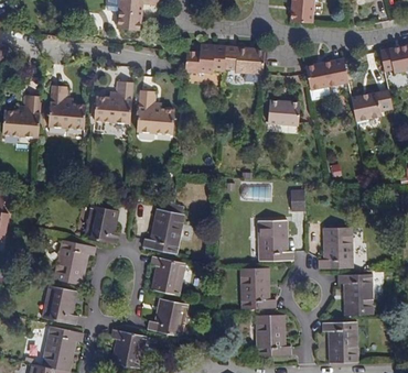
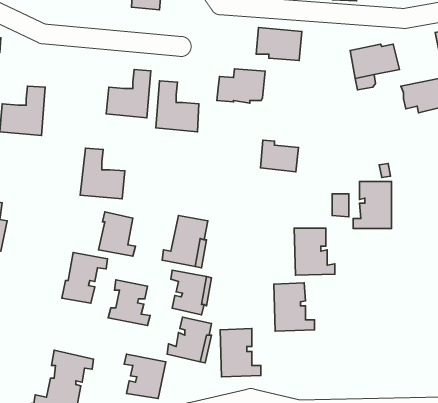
building: [184,43,226,73] -> [217,69,265,103]
building: [47,85,86,129] -> [80,148,125,199]
building: [267,98,300,125] -> [260,140,299,172]
building: [318,227,351,267] -> [353,182,391,229]
building: [336,273,371,315] -> none
building: [41,284,77,323] -> [108,280,150,326]
building: [255,314,290,355] -> [220,329,261,377]
building: [321,321,356,362] -> none

